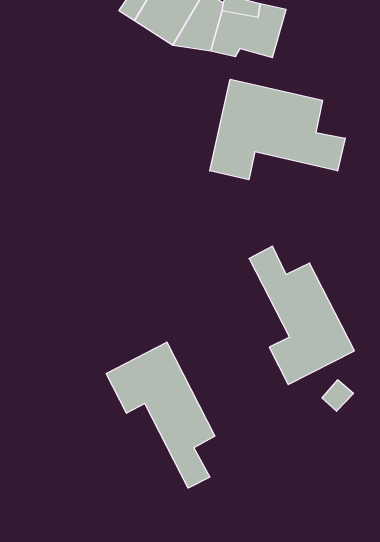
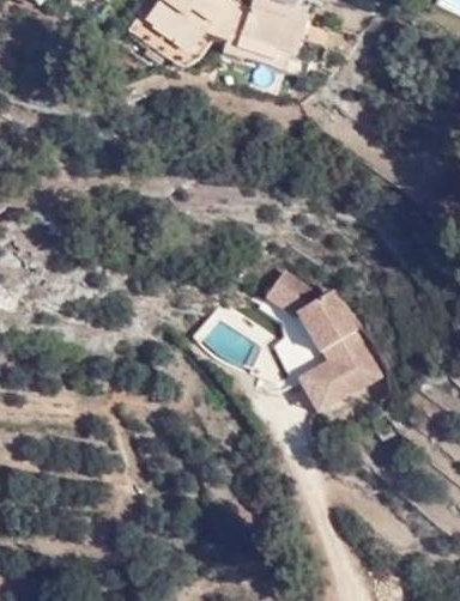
building: [210,79,345,180] -> none
building: [106,342,215,488] -> none

